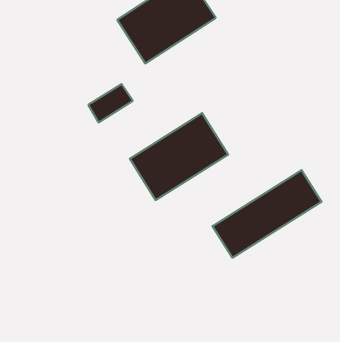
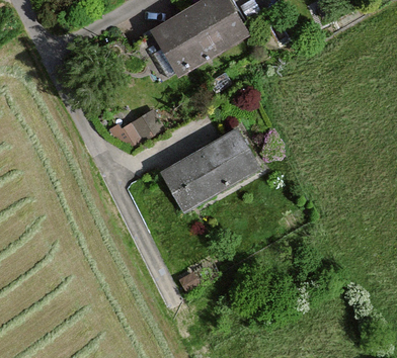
building: [212,170,322,258] -> none

